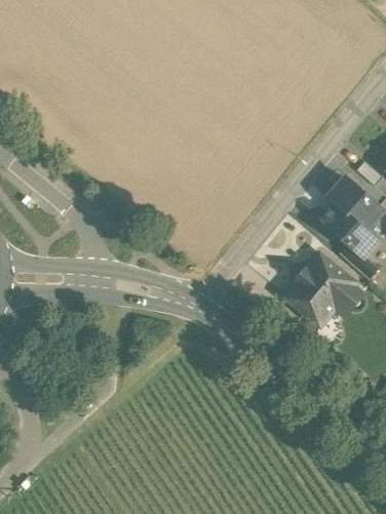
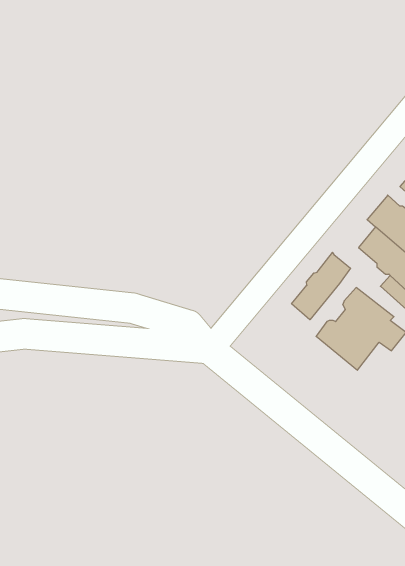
building: none -> [292,252,351,320]

